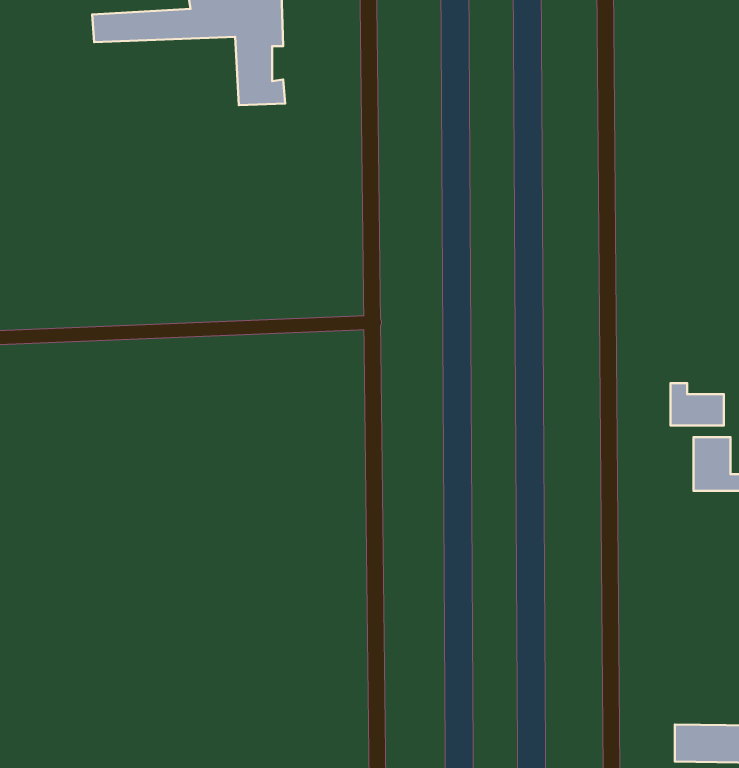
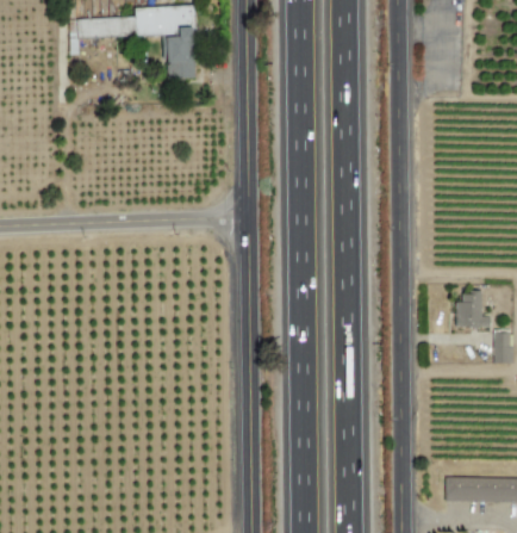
building: [670,383,724,426] -> none

